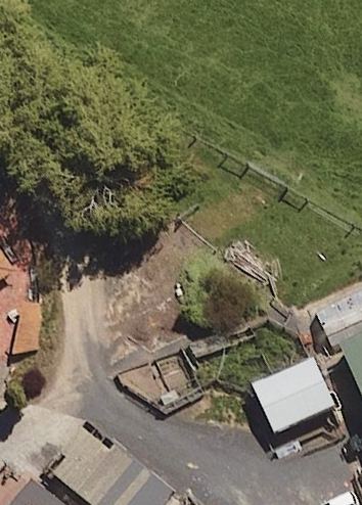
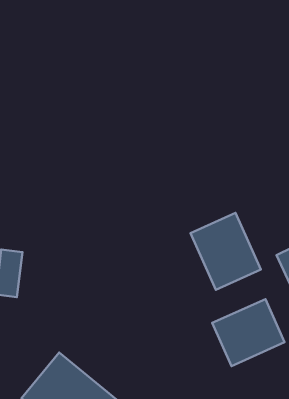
building: none -> [190,213,261,290]

